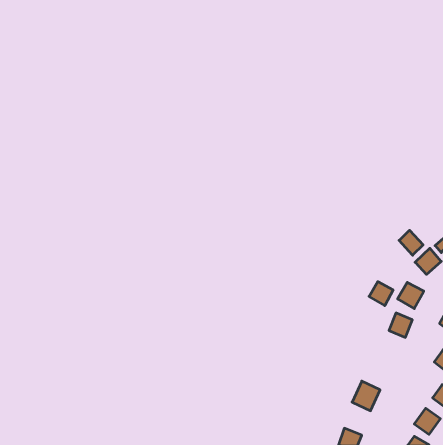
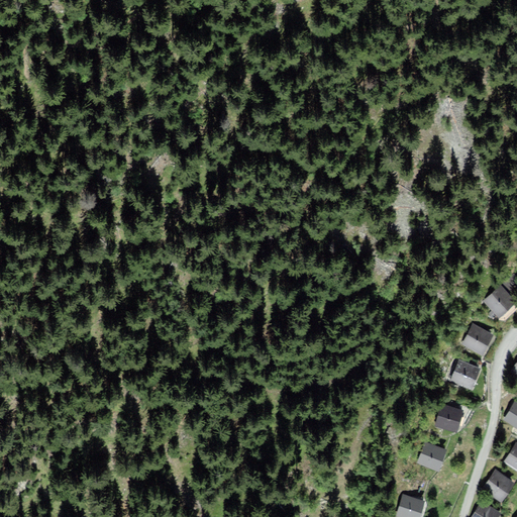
building: [399,230,423,255] -> none
building: [369,282,393,306] -> none
building: none -> [437,405,462,431]

